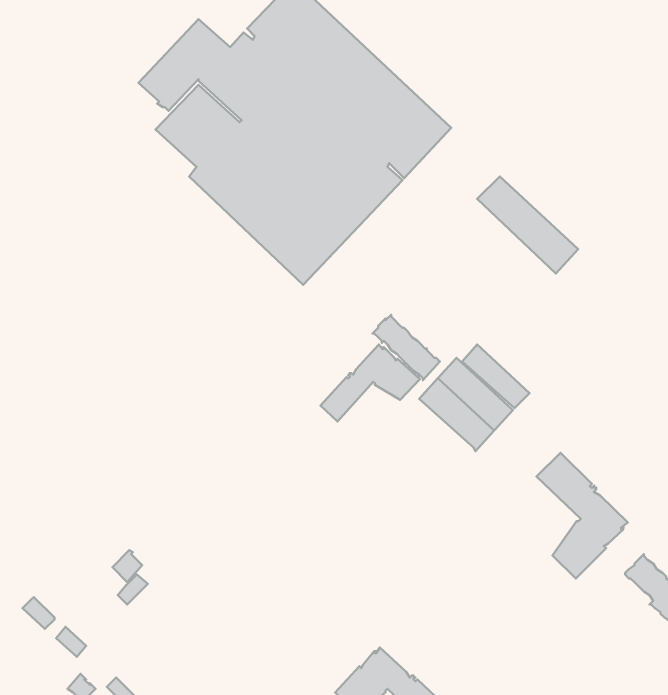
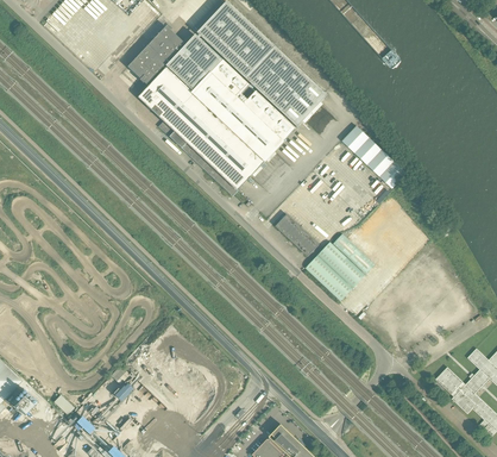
building: [320,345,420,421] -> none
building: [537,453,628,579] -> none

